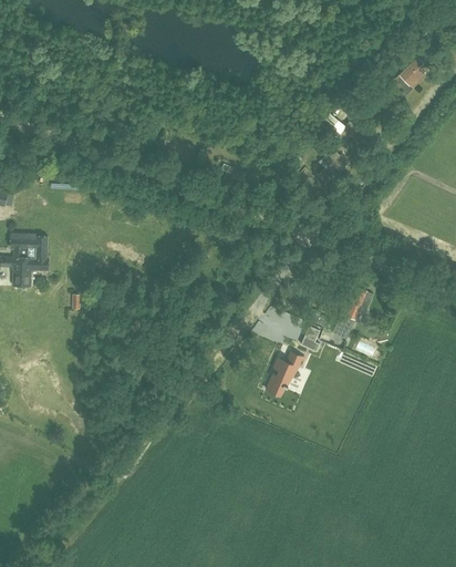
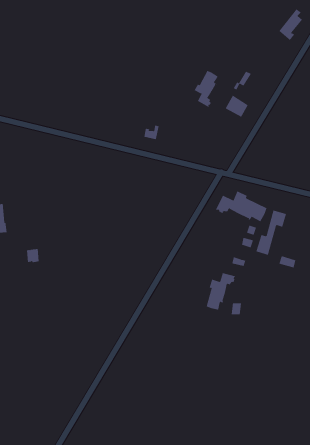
building: none -> [194,70,218,108]
building: none -> [215,190,267,222]

